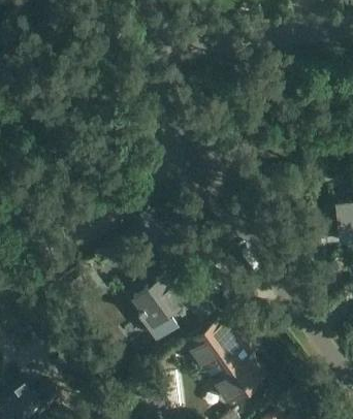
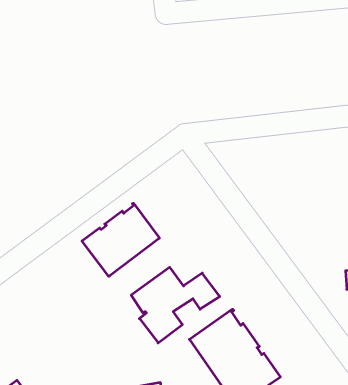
building: none -> [82,203,159,276]

